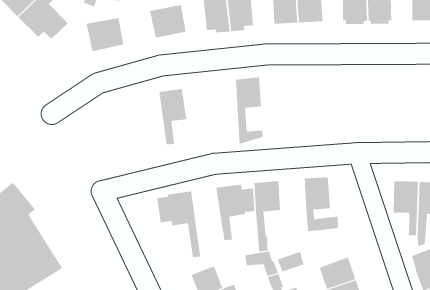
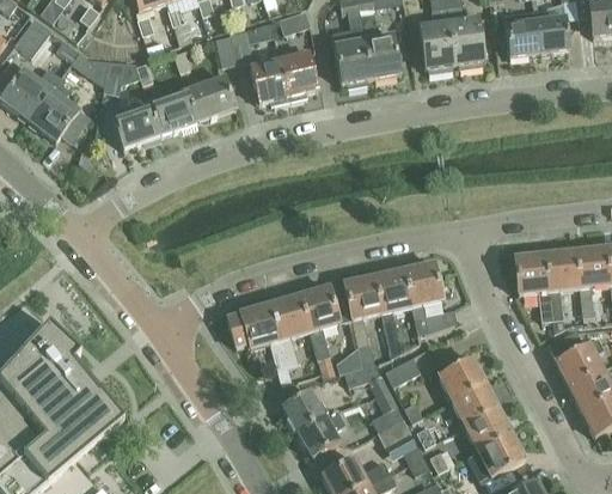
building: none -> [151,89,198,134]
building: [235,77,263,144] -> [374,267,418,353]
building: [159,88,187,145] -> [269,293,308,365]

